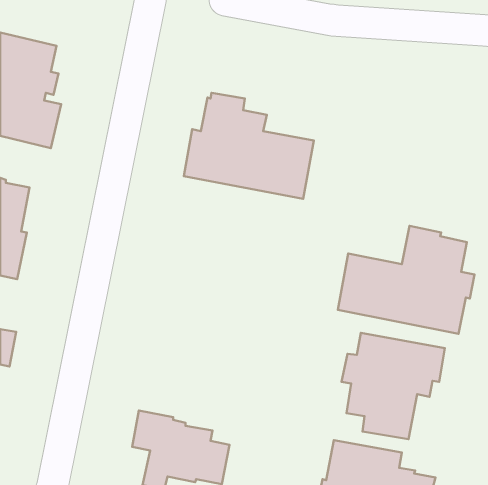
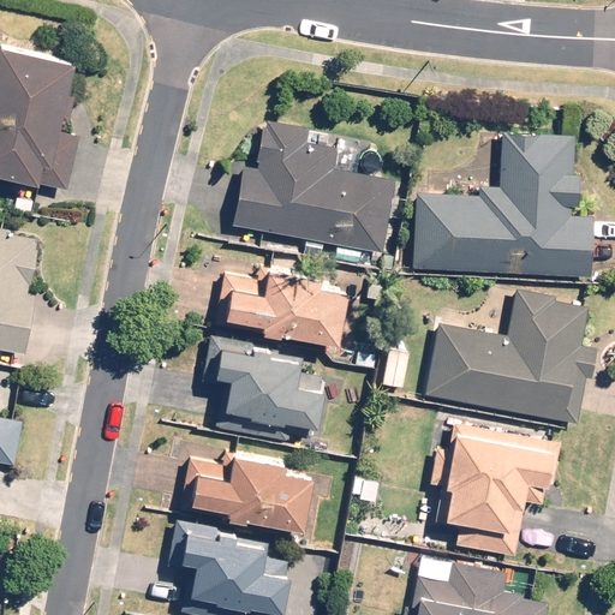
building: none -> [412,132,593,279]
building: none -> [214,267,346,345]
building: none -> [202,336,322,441]
building: none -> [179,453,311,530]

